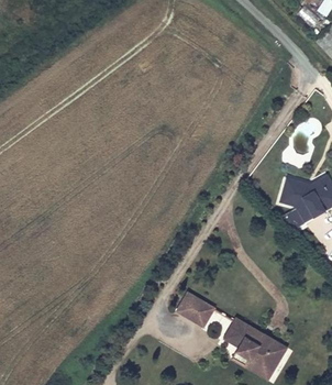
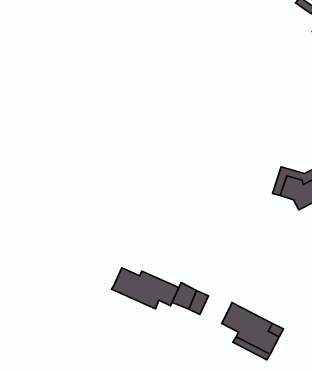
building: none -> [112,268,179,309]

